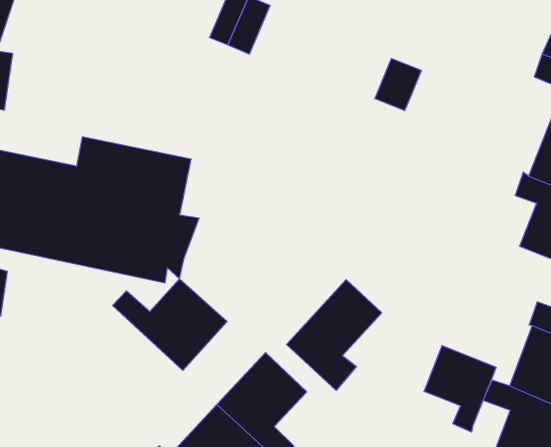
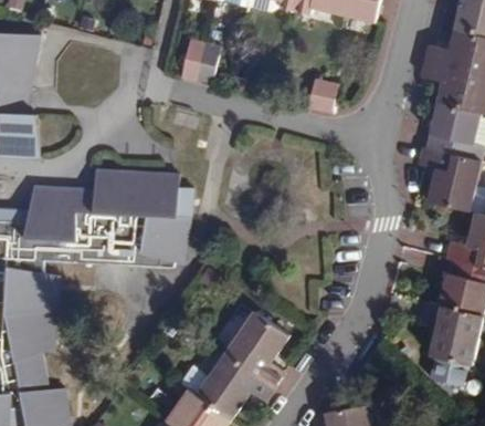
building: [113,279,227,370] -> none
building: [286,280,382,390] -> none
building: [424,345,496,432] -> none

